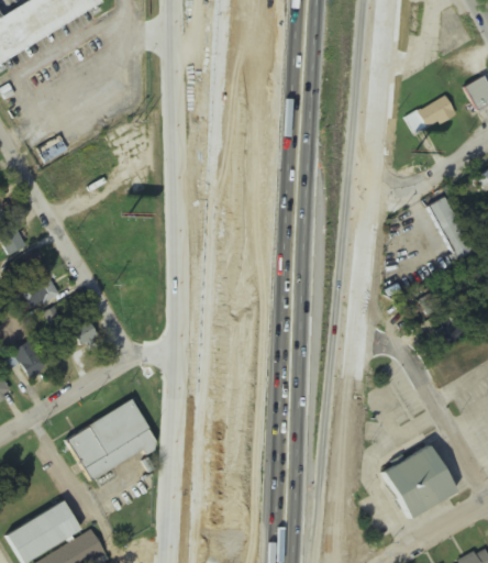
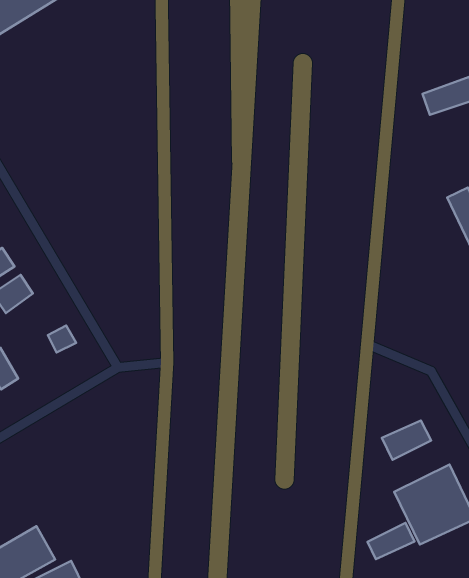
building: [66,399,157,478] -> none
building: none -> [382,420,431,460]
building: none -> [367,523,414,559]

